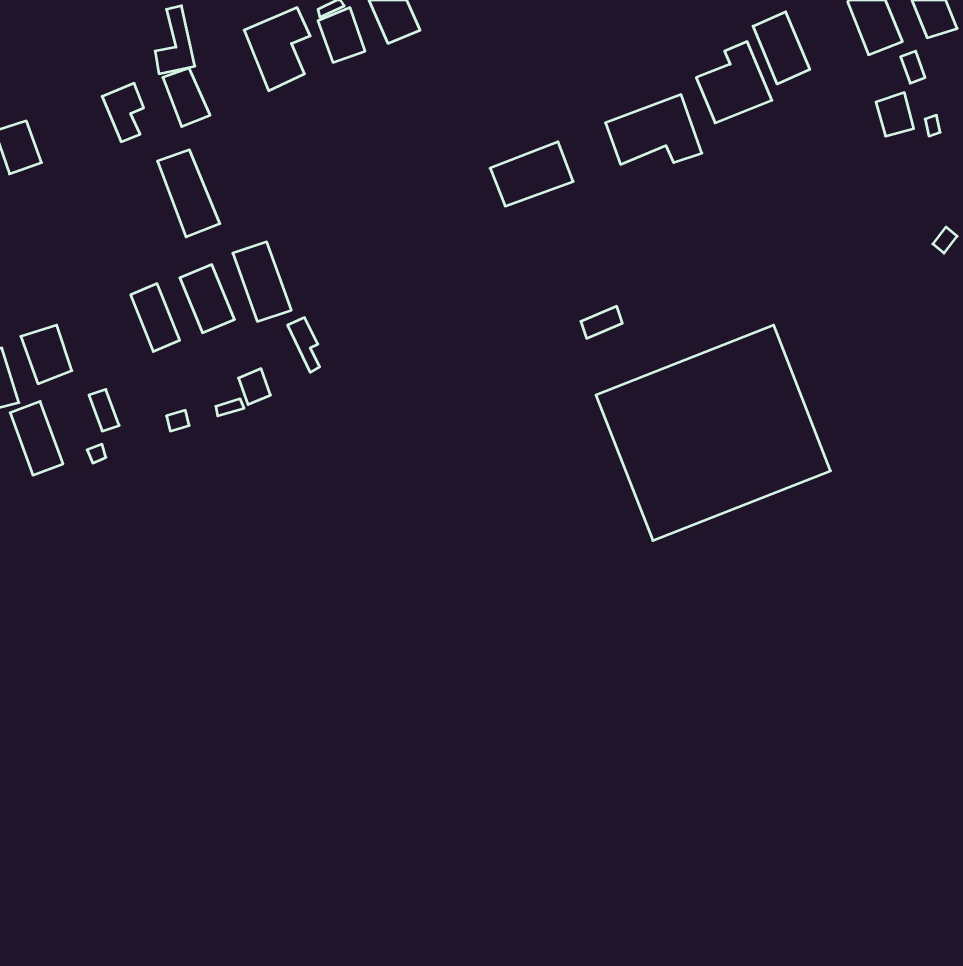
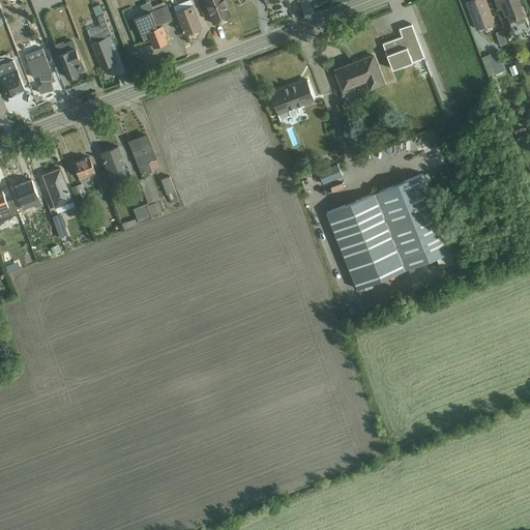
building: [753,12,810,84] -> none
building: [157,150,220,237] -> [23,48,57,95]
building: [10,401,63,475] -> [41,167,70,207]

